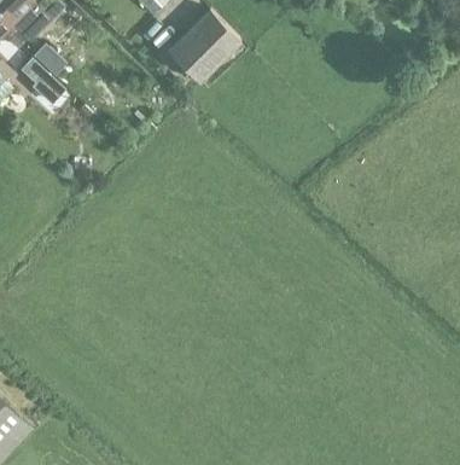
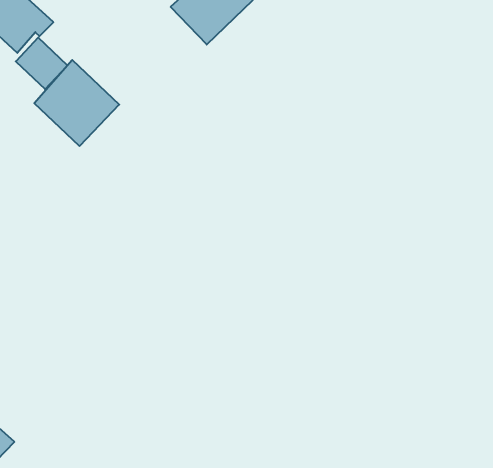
building: none -> [34,60,119,146]

